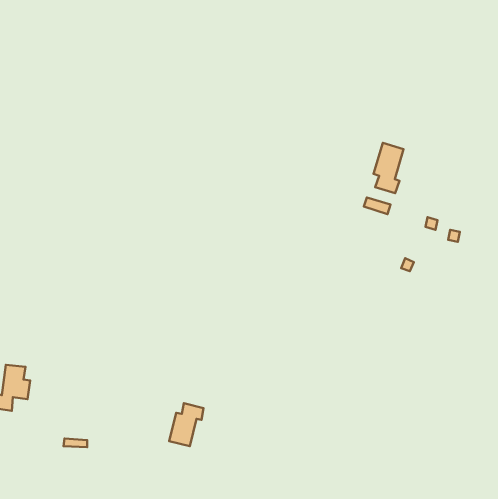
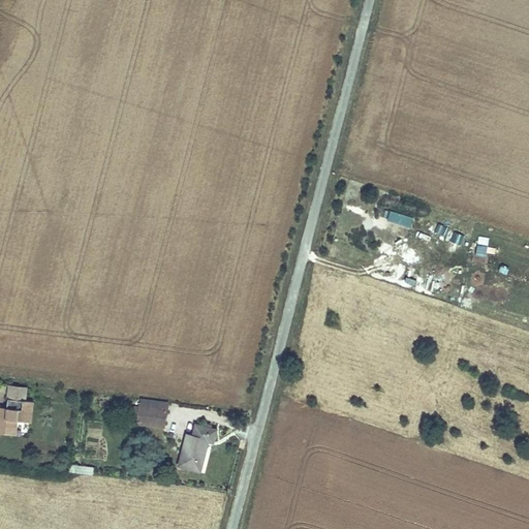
building: [374,143,404,193] -> none
building: none -> [137,406,164,426]

